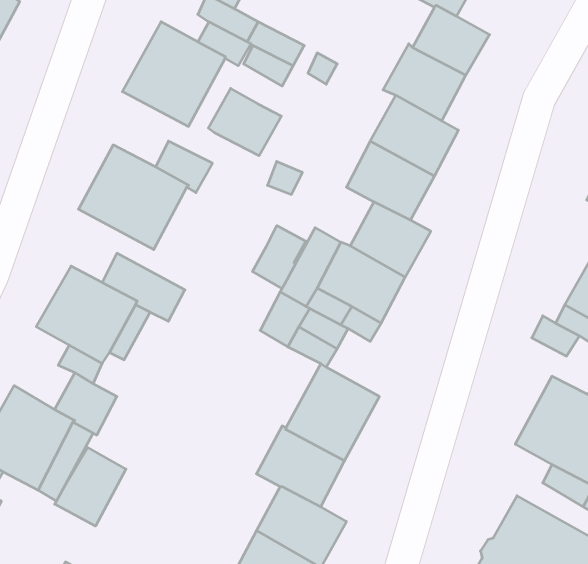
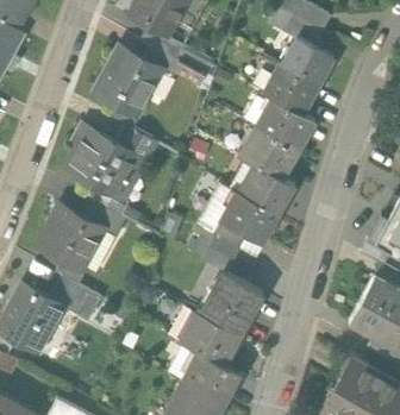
building: [208,88,281,156] -> none
building: [253,226,306,289] -> none
building: [55,448,126,526] -> none

